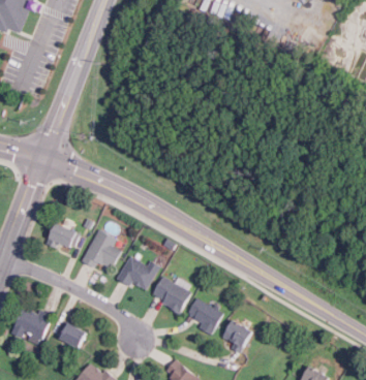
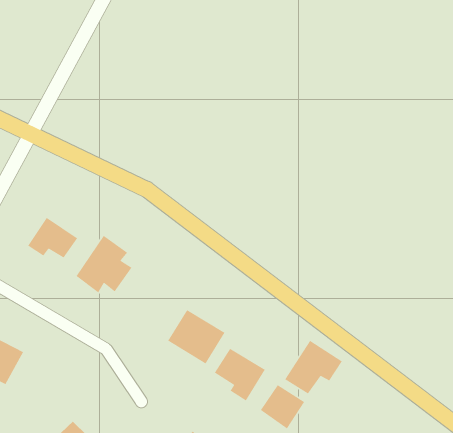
building: [116,255,159,293] -> none
building: none -> [284,340,343,395]
building: [59,322,86,348] -> none

